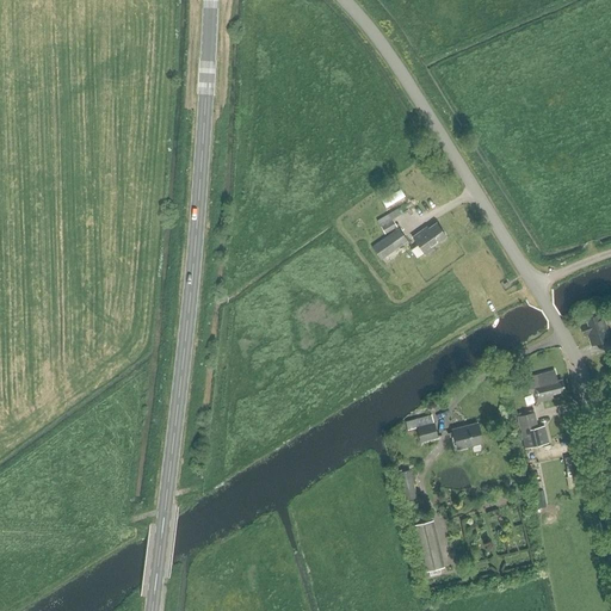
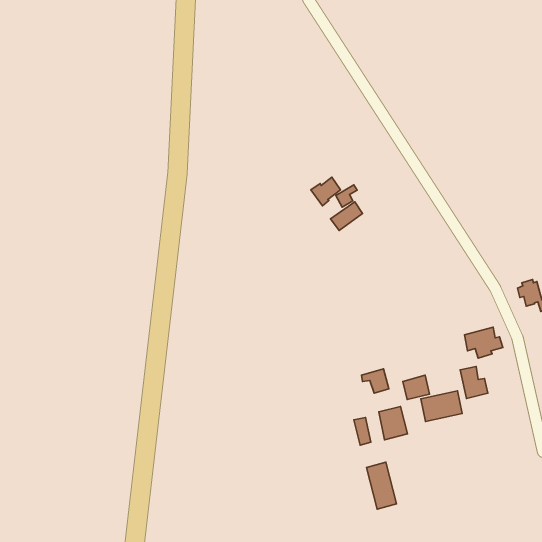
building: [413,222,446,254] -> [311,177,340,206]
building: none -> [421,391,462,422]
building: none -> [379,406,407,440]

